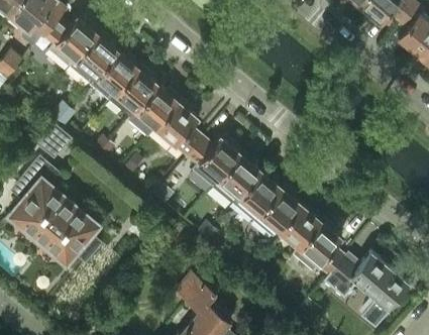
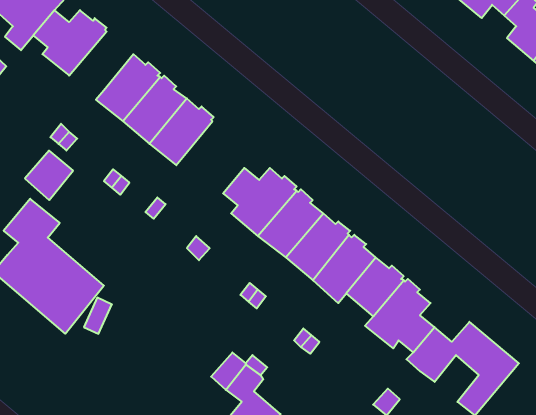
building: [70,34,118,86] -> none
building: [155,102,202,156] -> none

